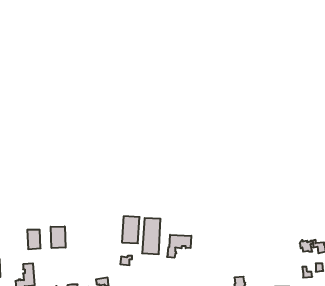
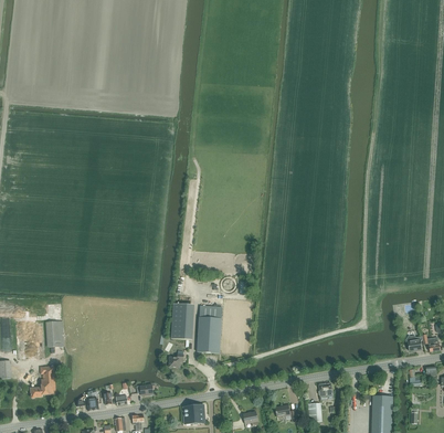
building: [51,226,66,248] -> none
building: [167,235,191,258] -> none

